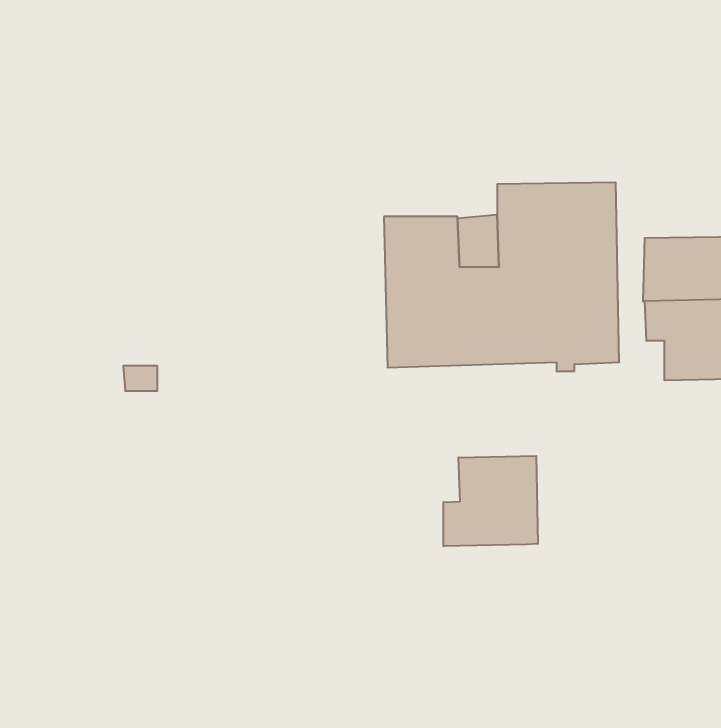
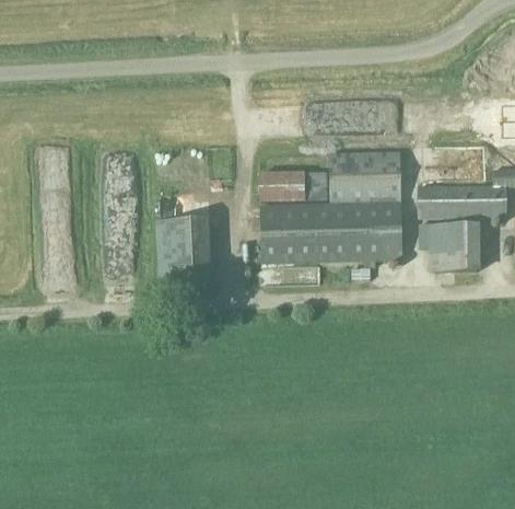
building: none -> [156,218,211,286]
building: [444,456,538,546] -> none

